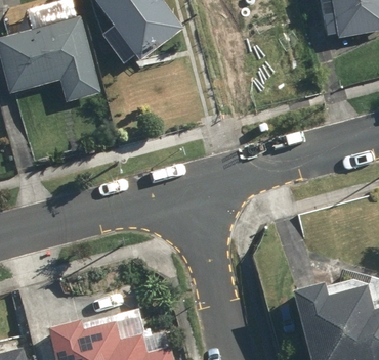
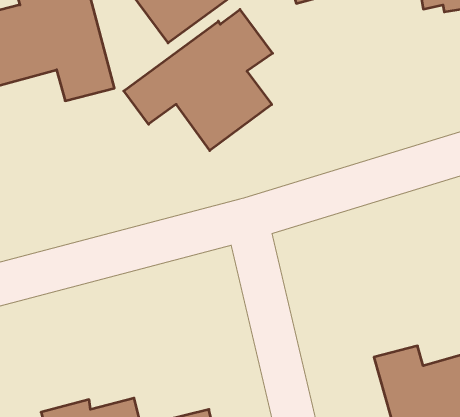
building: none -> [124,9,273,151]

